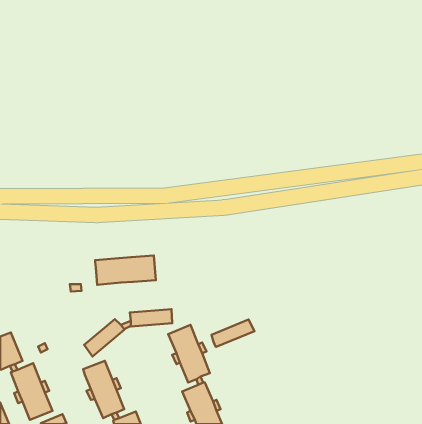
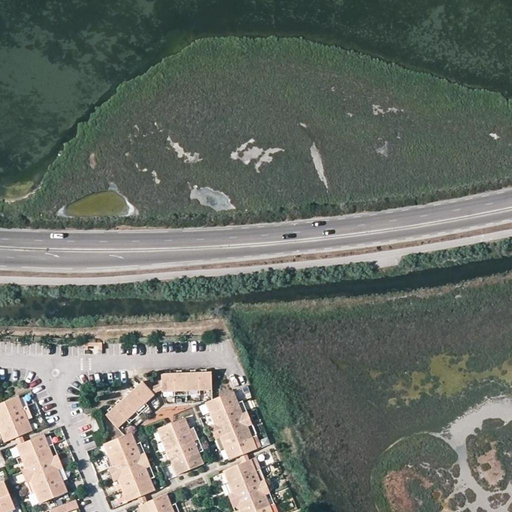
building: [95,256,156,285] -> none
building: [211,319,255,347] -> none
building: none -> [157,417,203,474]

